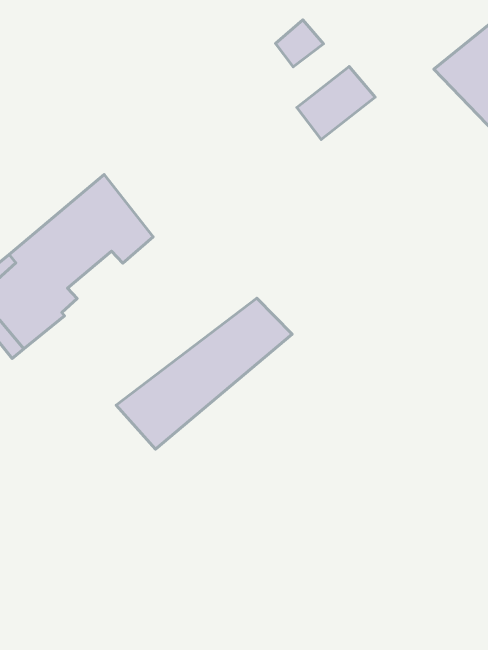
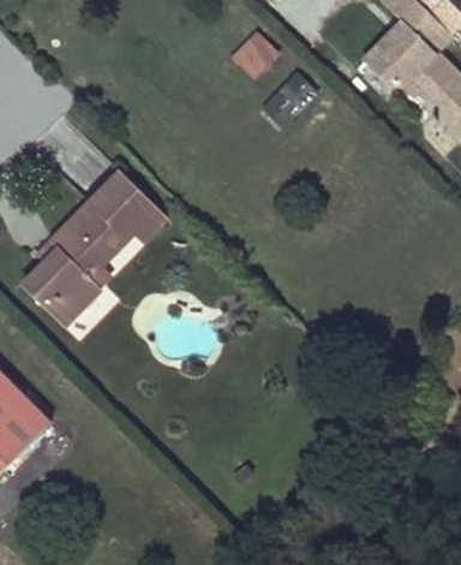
building: [116,298,292,449] -> none

